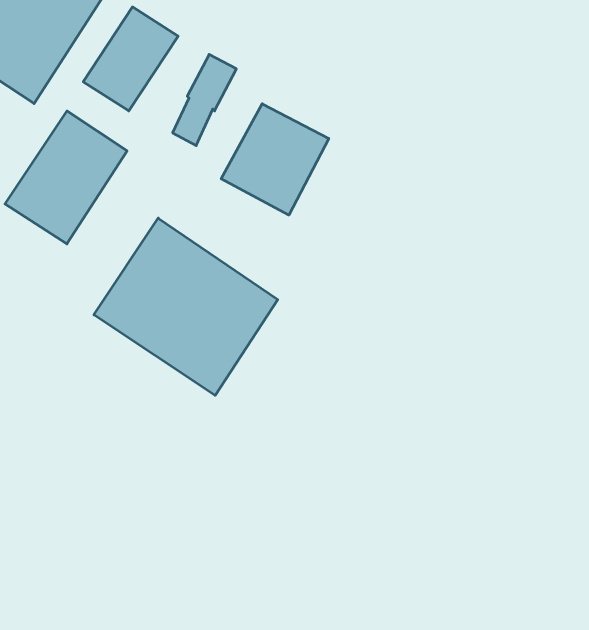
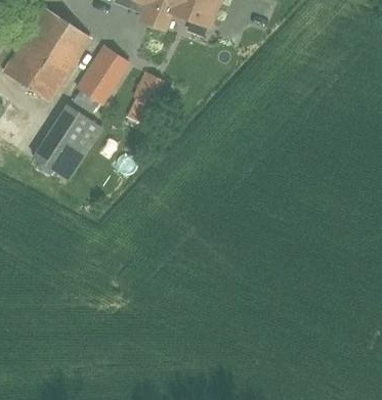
building: [221,104,329,215] -> none
building: [94,218,278,395] -> none

